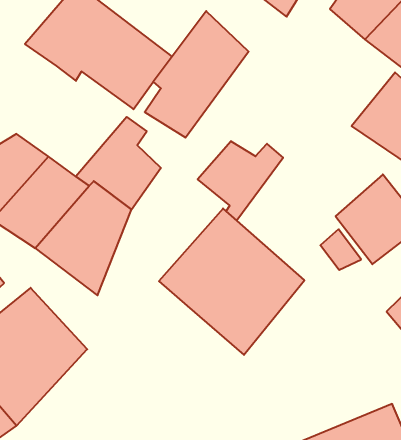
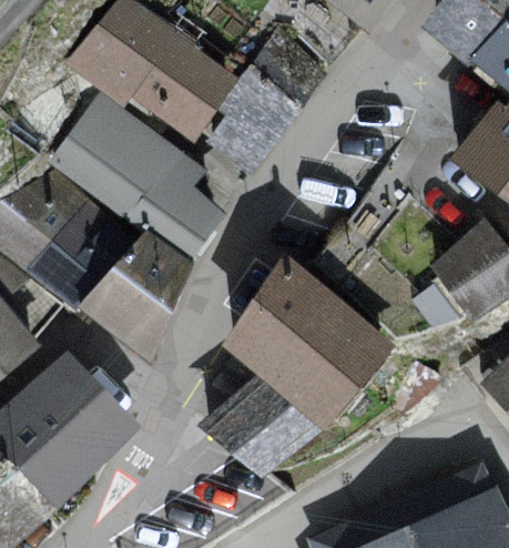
building: none -> [48,90,184,220]
building: [198,141,283,220] -> none
building: none -> [196,372,322,477]

